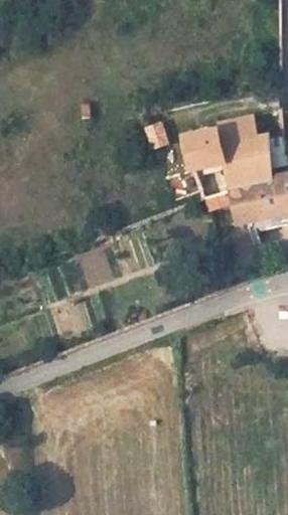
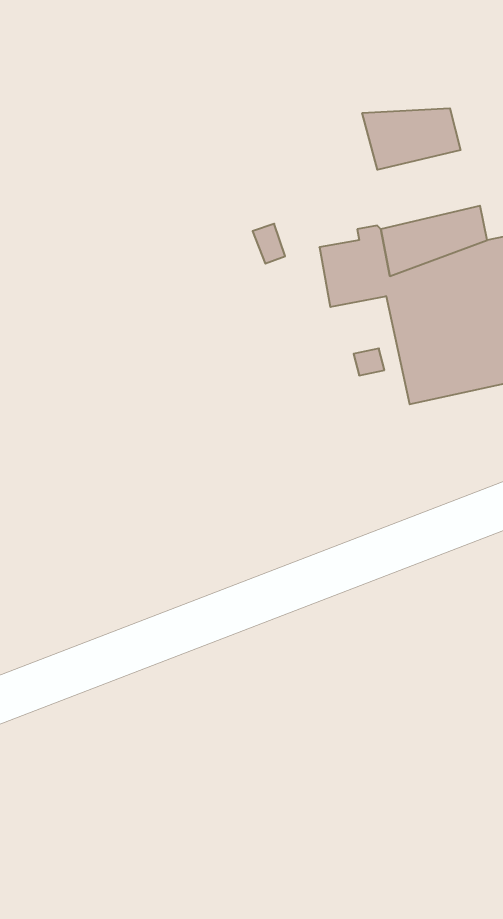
building: none -> [362,108,461,170]

